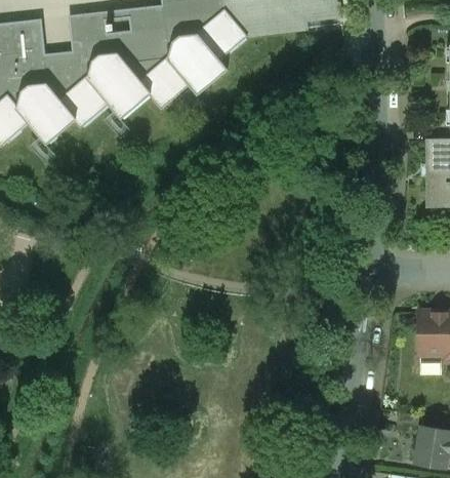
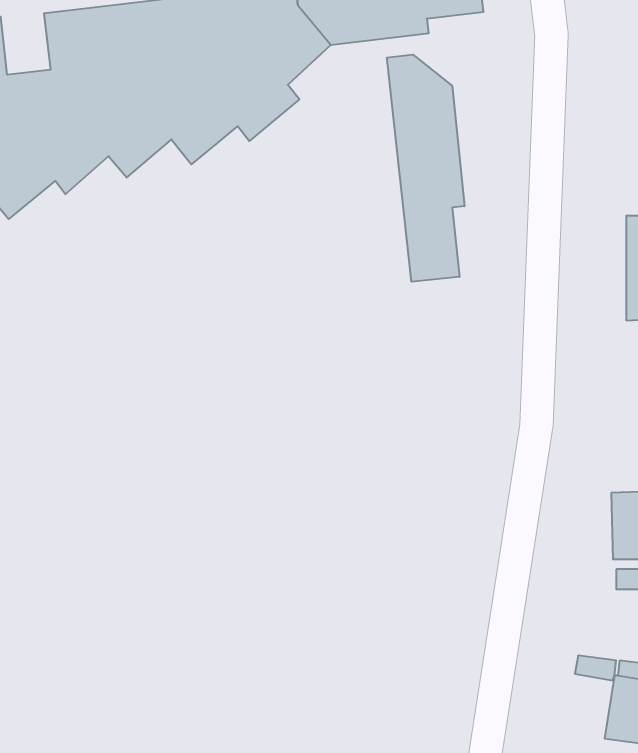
building: none -> [387,55,464,282]

